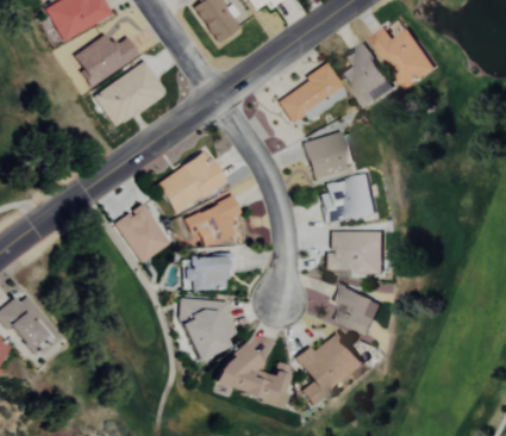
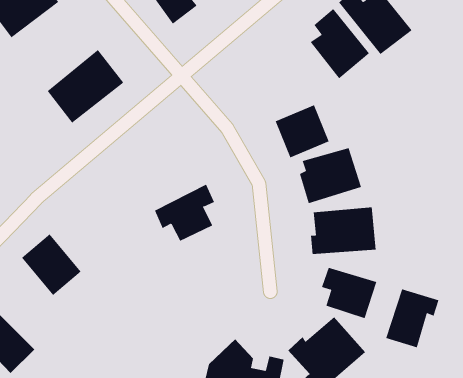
building: [73,37,139,85] -> none
building: [277,67,348,124] -> none
building: [156,150,227,213] -> none
building: [115,205,170,263] -> [21,233,81,296]
building: [183,255,227,289] -> none
building: [179,298,236,359] -> none
building: none -> [386,289,439,348]

